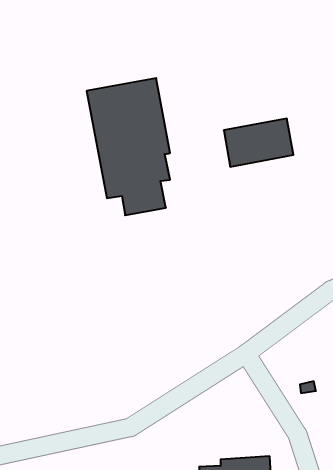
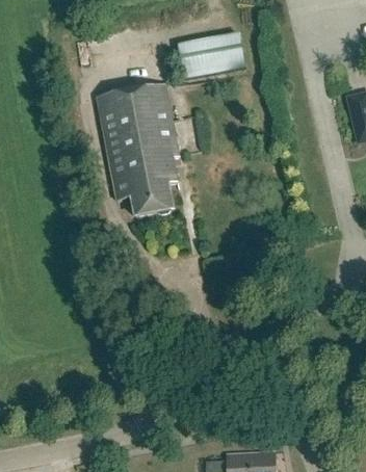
building: [224,119,293,167] -> [178,32,245,79]

